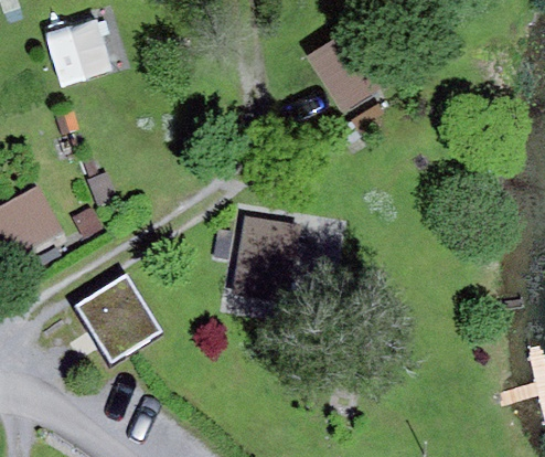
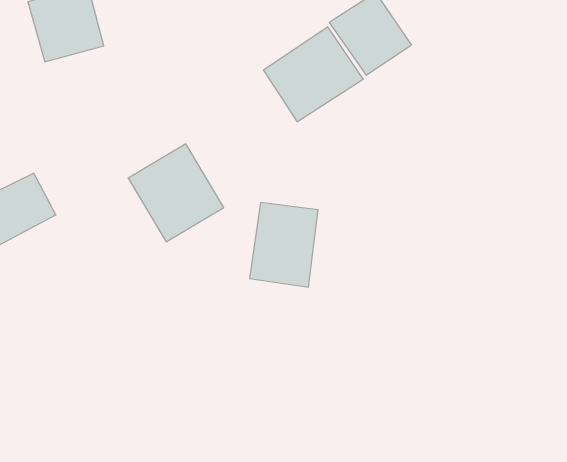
building: none -> [264,27,363,122]
building: [78,270,164,359] -> [128,144,224,242]

